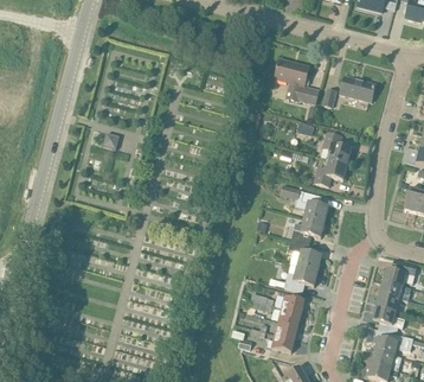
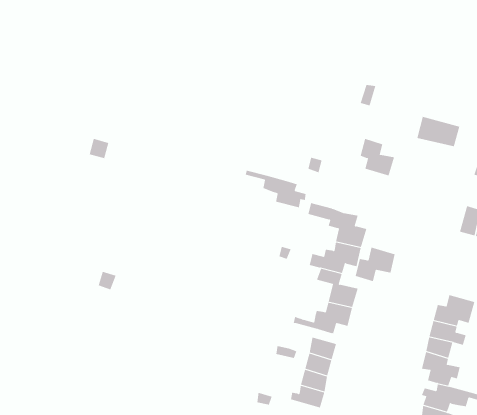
building: [275,59,319,104] -> none
building: [340,76,375,101] -> [416,116,460,147]
building: [314,158,347,186] -> [355,247,396,282]
building: none -> [245,170,306,208]

